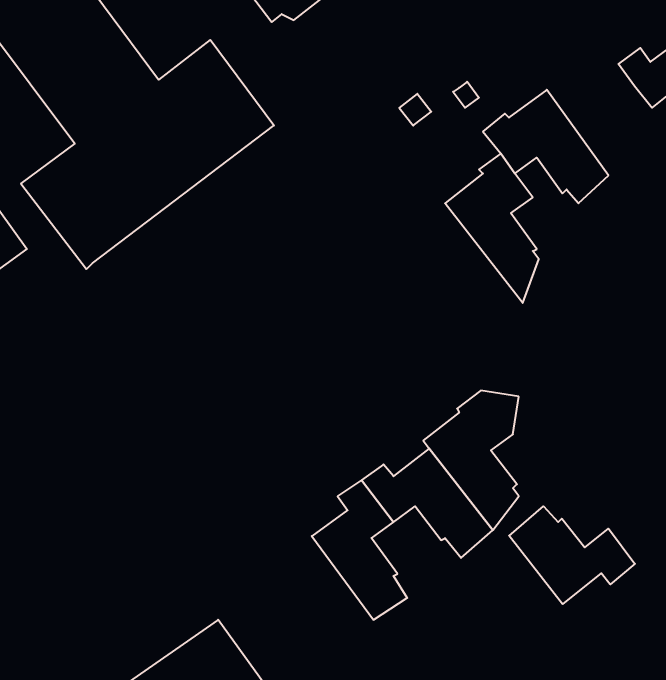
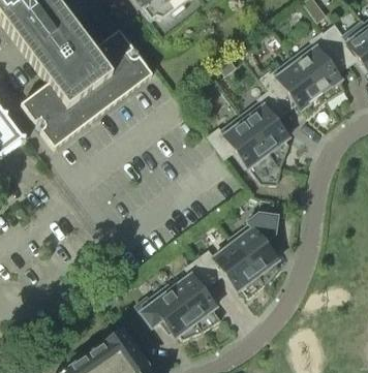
building: none -> [294,30,344,99]
building: none -> [208,114,281,183]
building: [509,506,635,604] -> none
building: none -> [135,282,204,338]

